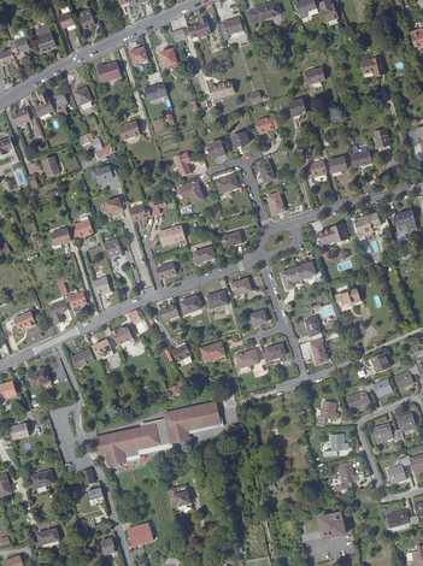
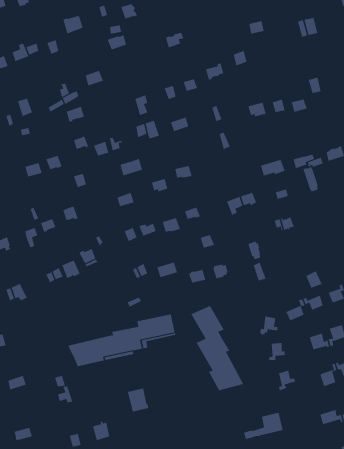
building: none -> [191,305,244,391]

